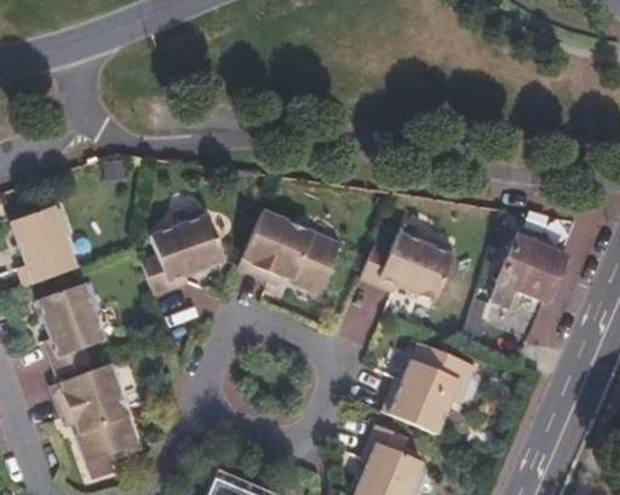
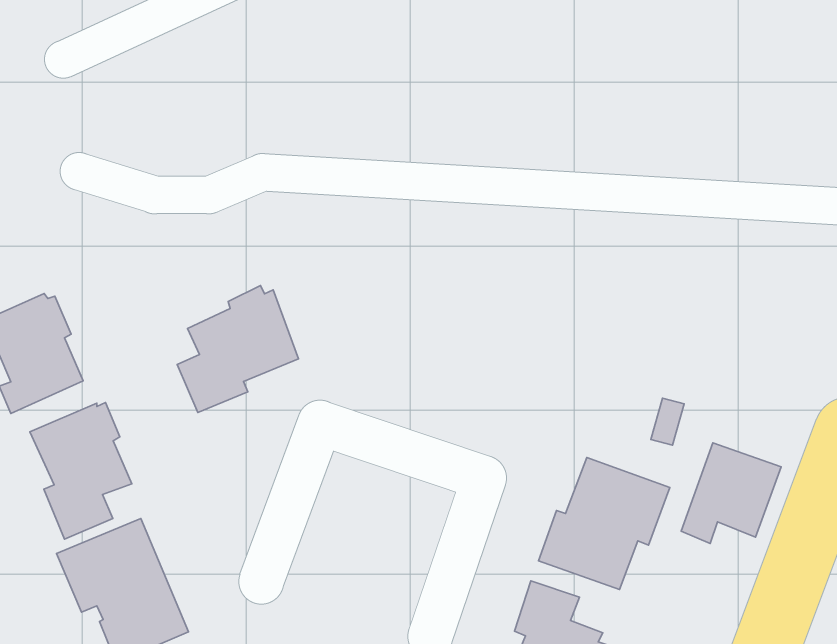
building: [237,211,340,294] -> none
building: [361,231,458,300] -> none
building: [493,238,564,307] -> [681,443,781,544]

